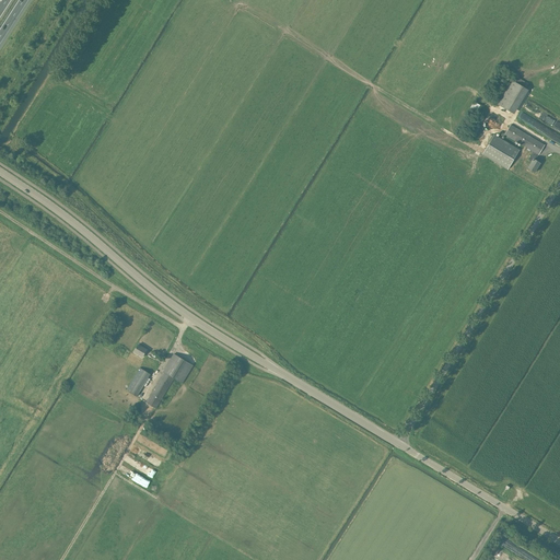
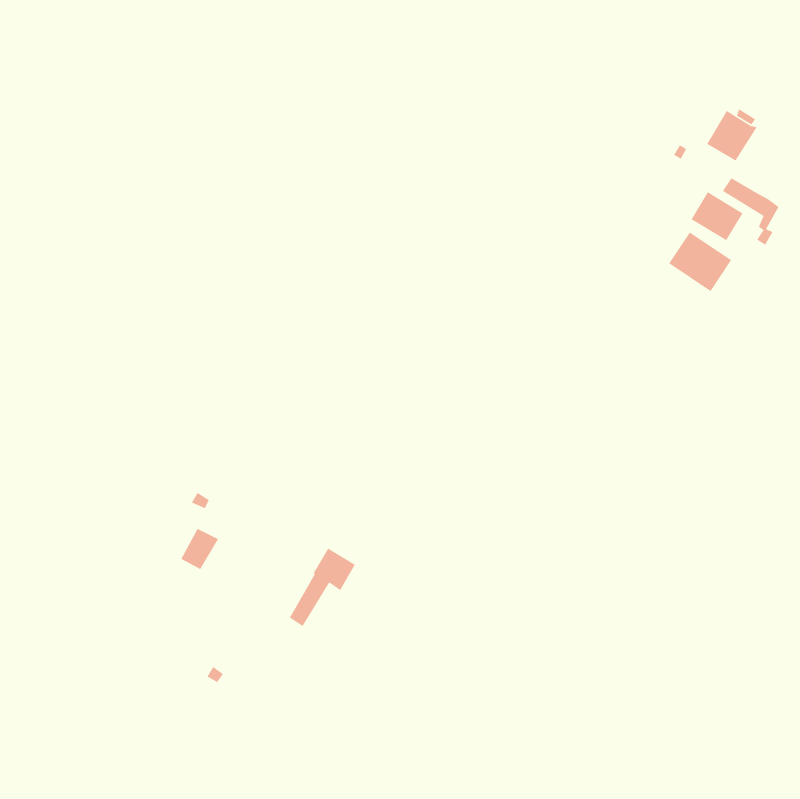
building: none -> [668,231,732,292]
building: [147,352,194,408] -> [289,547,356,627]

